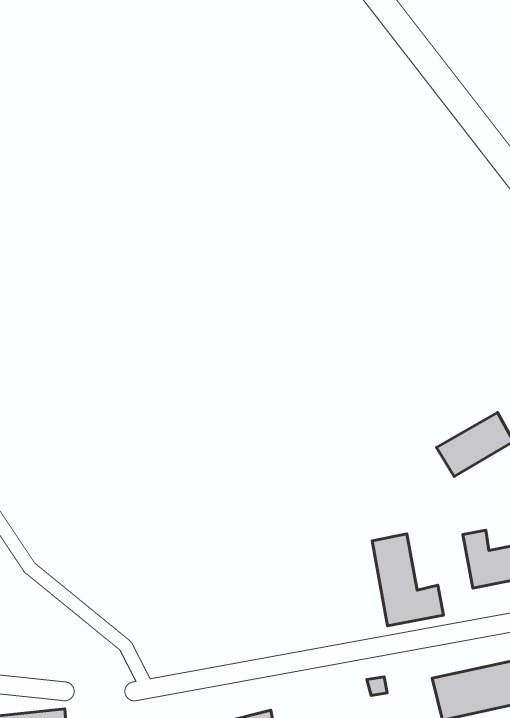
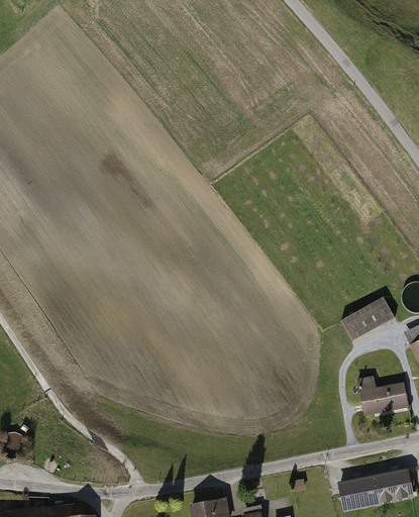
building: [372,534,444,626] -> none

